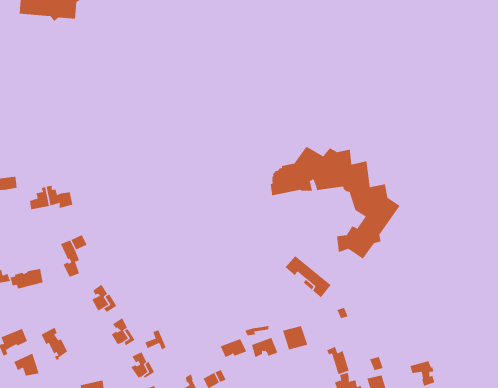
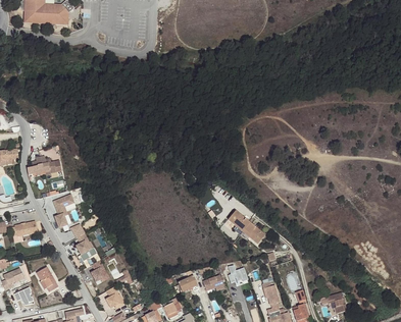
building: [270,146,400,260] -> none

